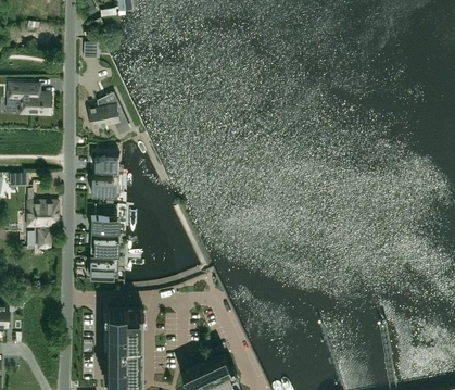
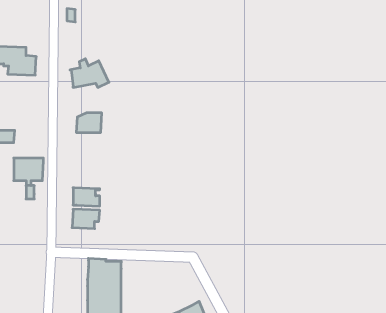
building: [91,176,119,196] -> none
building: [90,216,119,236] -> none

